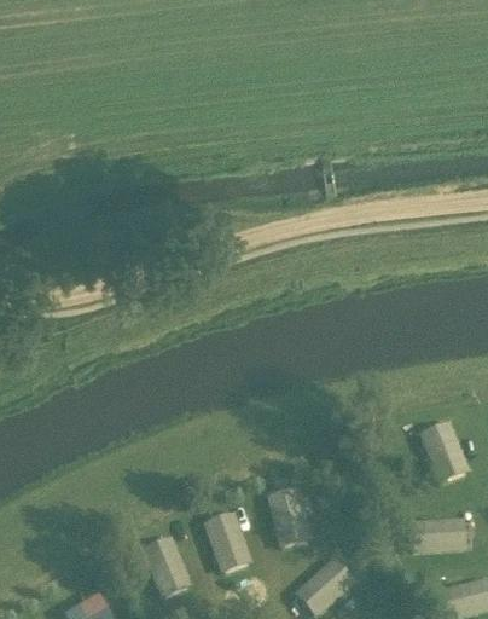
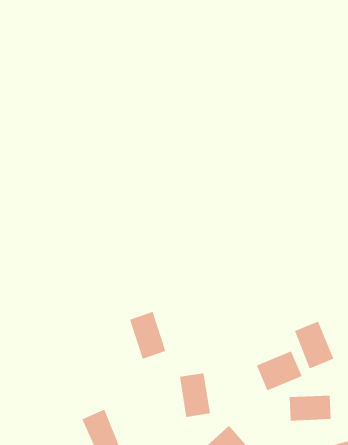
building: none -> [256,350,302,391]
building: [203,510,251,573] -> [129,311,166,359]

